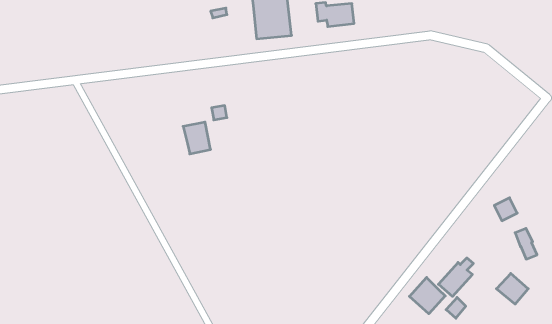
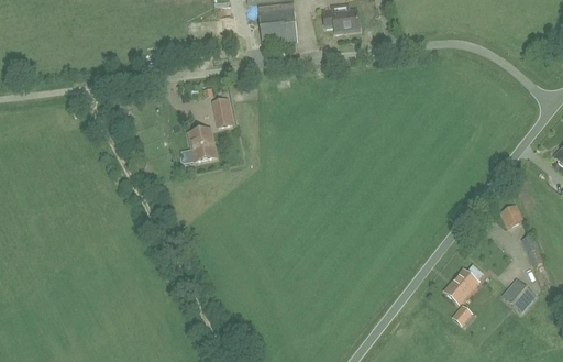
building: [409,277,445,314] -> none

